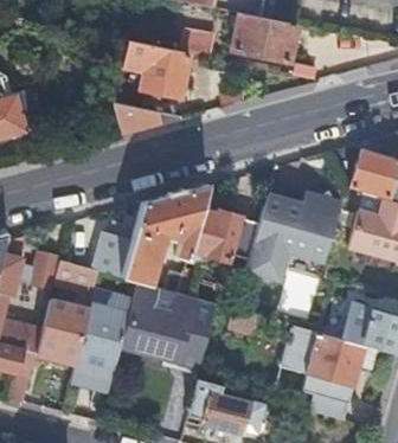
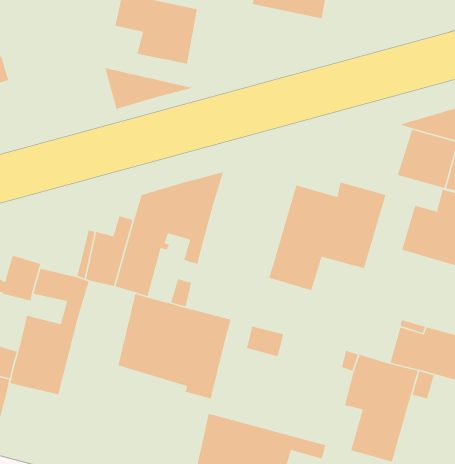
building: [191,211,259,261] -> none
building: [73,304,130,385] -> none

